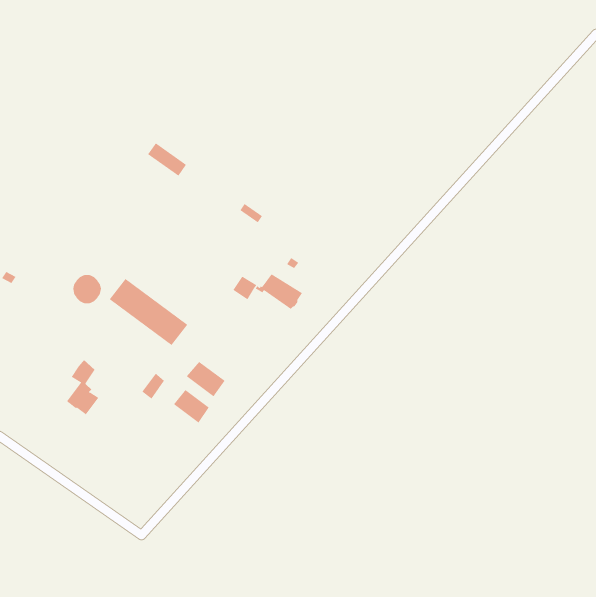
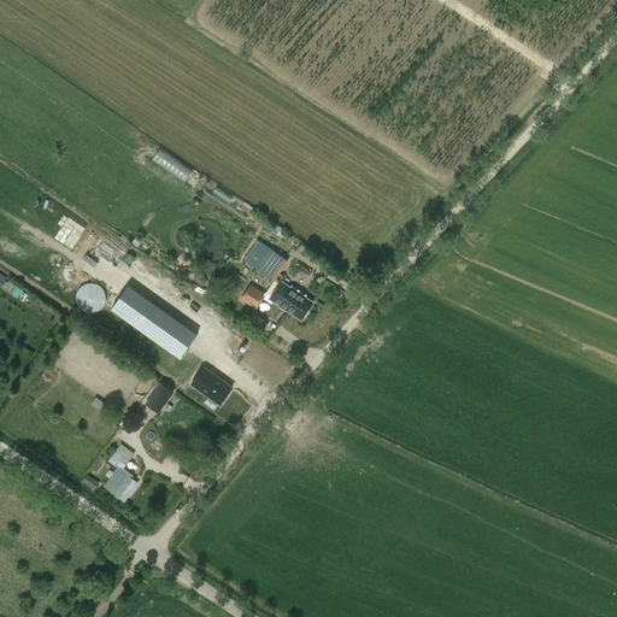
building: none -> [251,240,283,278]
building: [66,359,99,415] -> [102,443,136,501]
building: [173,389,209,424] -> none

